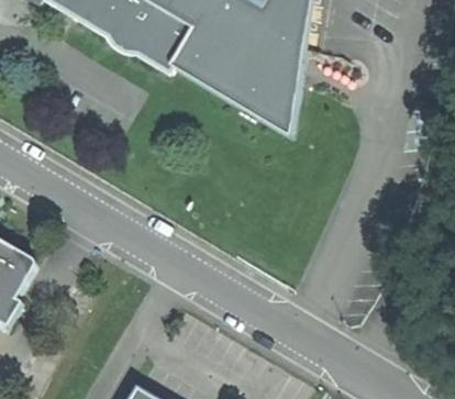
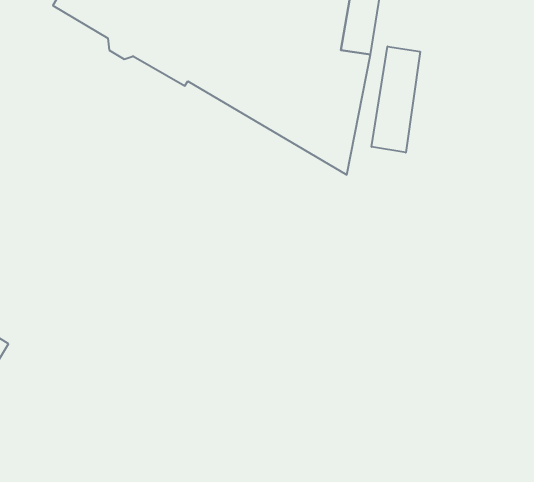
building: none -> [372,46,420,153]

